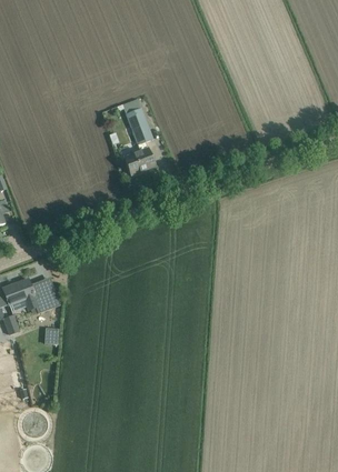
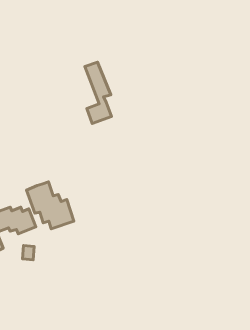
building: none -> [26,182,74,229]

